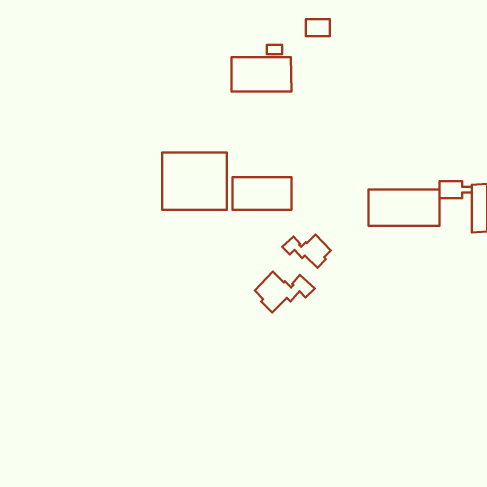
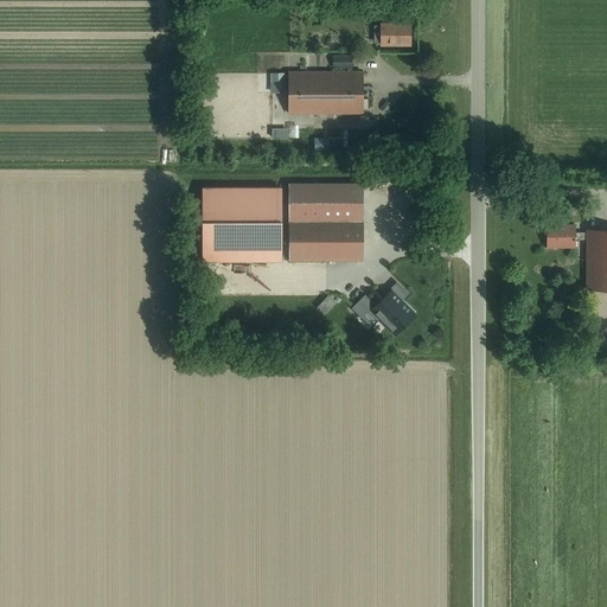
building: none -> [289,183,363,221]
building: [369,189,439,226] -> none
building: [255,271,315,313] -> none

